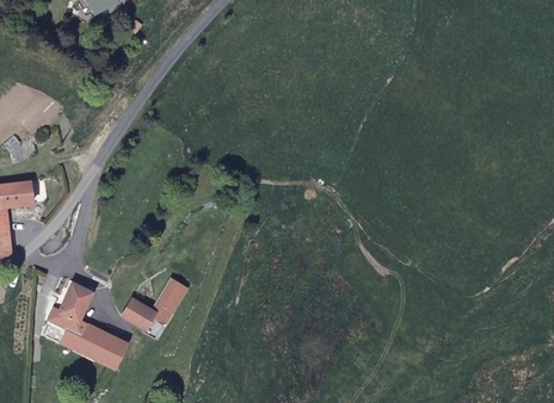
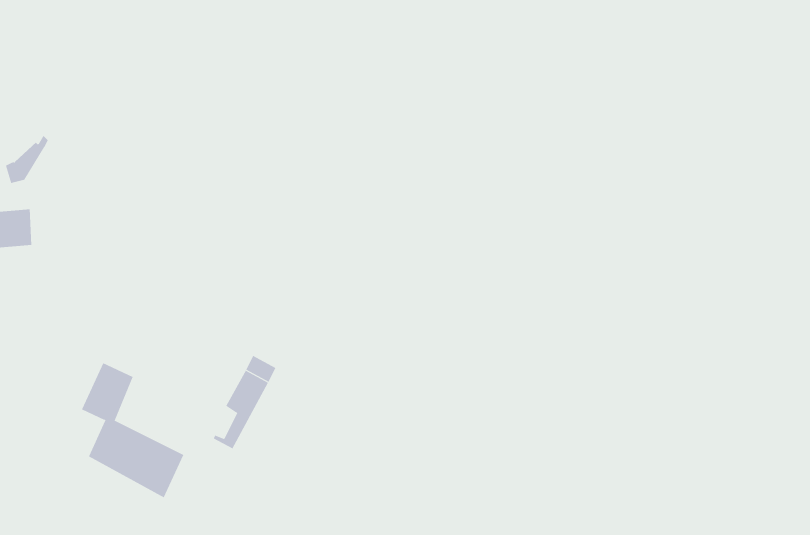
building: [127,300,162,331] -> none
building: [47,311,75,346] -> none

